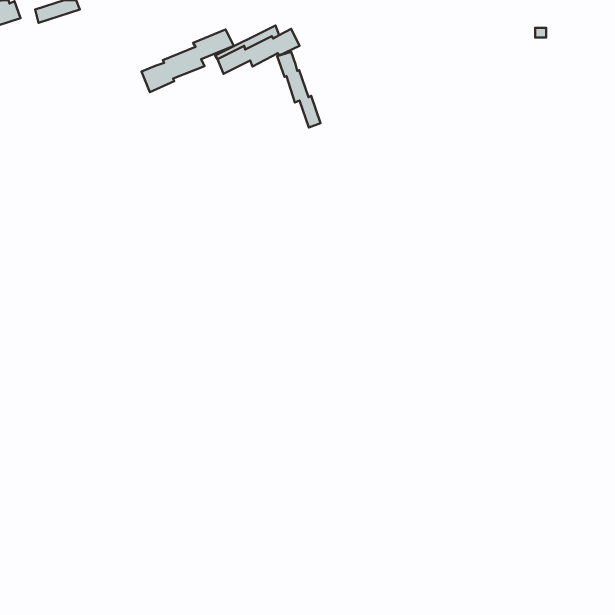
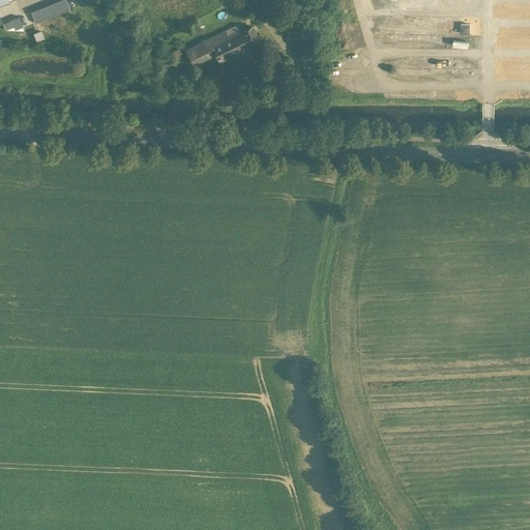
building: [141,30,234,92] -> none
building: [277,52,320,128] -> none

